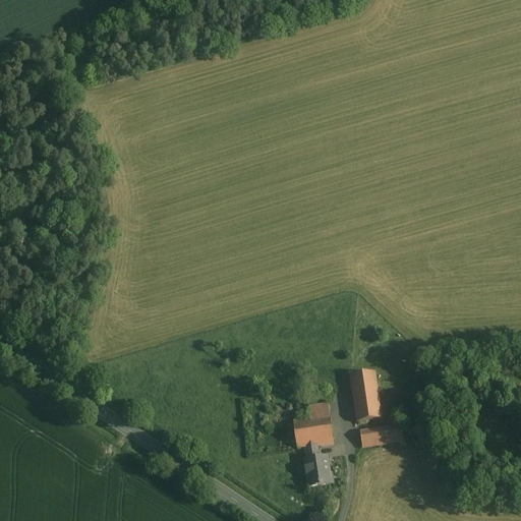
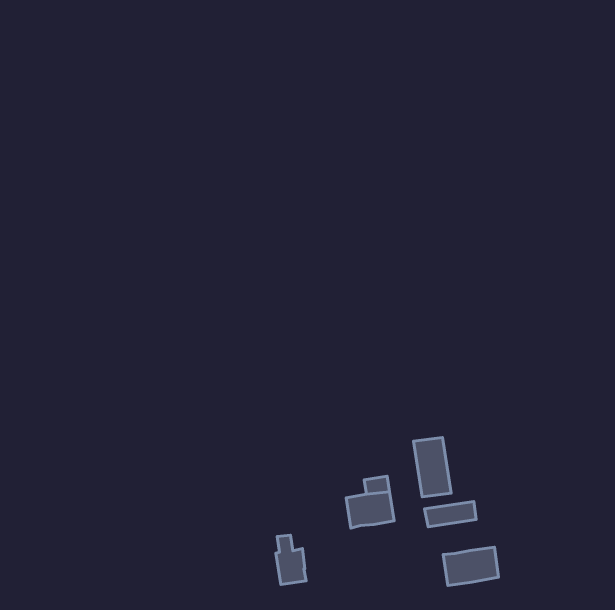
building: [303,443,329,484] -> [276,535,306,585]
building: none -> [443,547,499,585]

